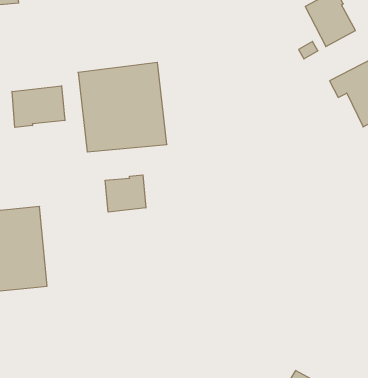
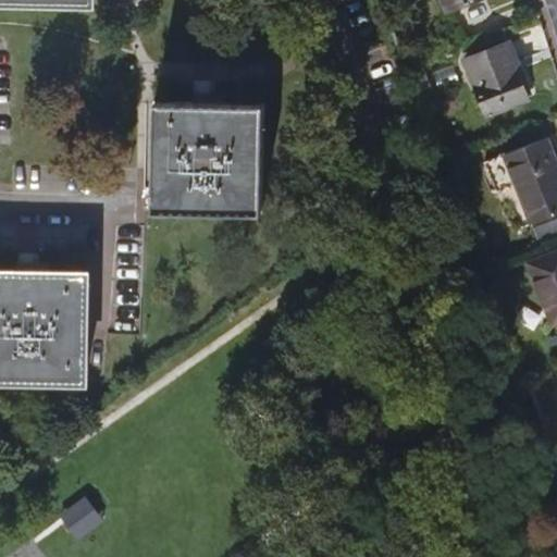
building: [12,86,65,127] -> none
building: [105,175,146,212] -> none

